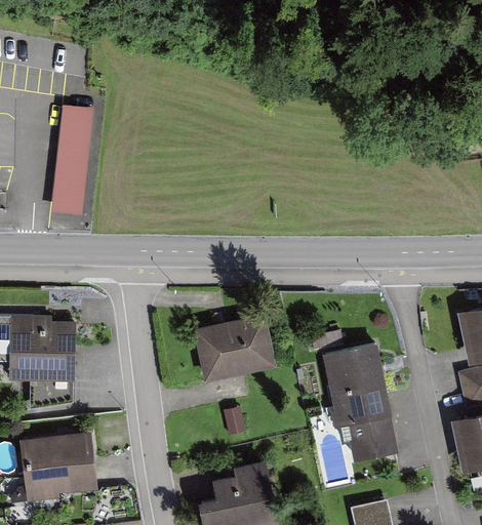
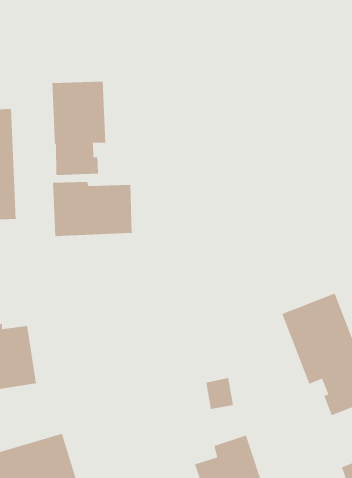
building: none -> [52,81,106,176]
building: none -> [52,181,132,237]
building: [191,313,275,381] -> none

